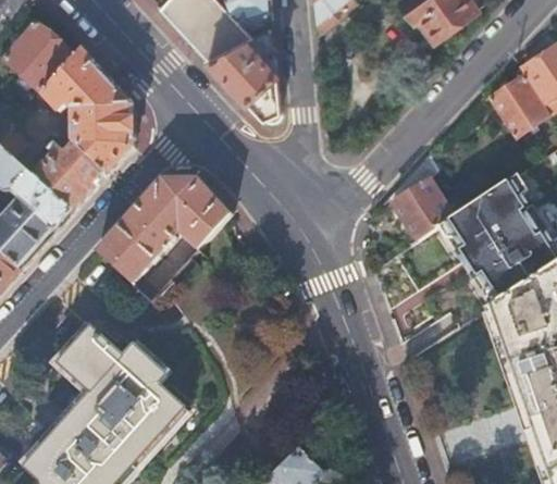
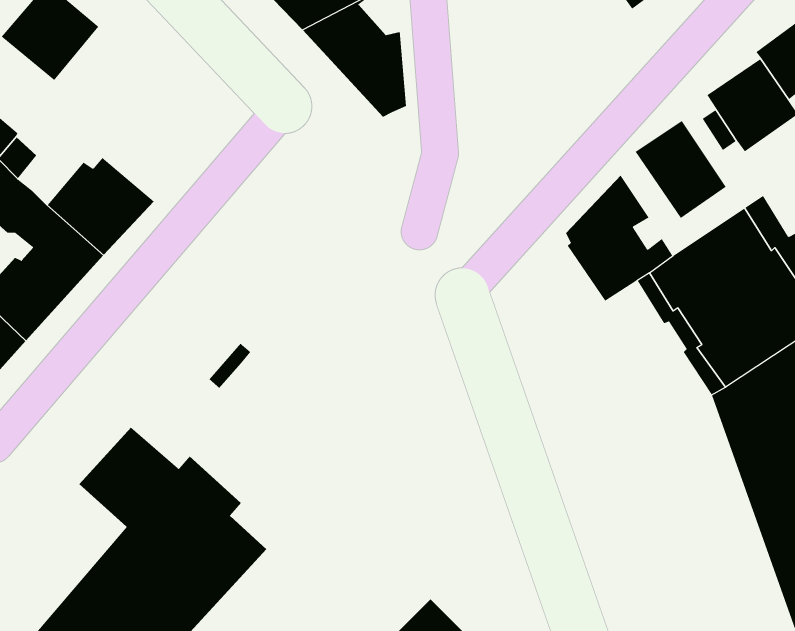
building: [40,49,132,173] -> none
building: none -> [635,120,726,219]
building: [92,176,230,285] -> none

